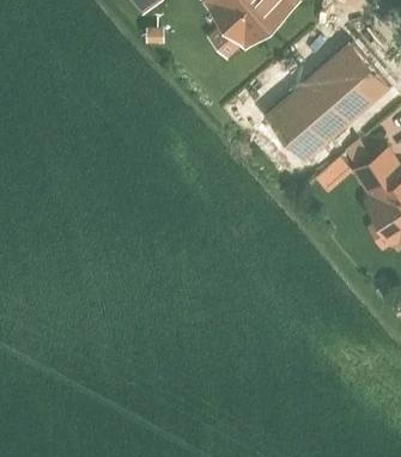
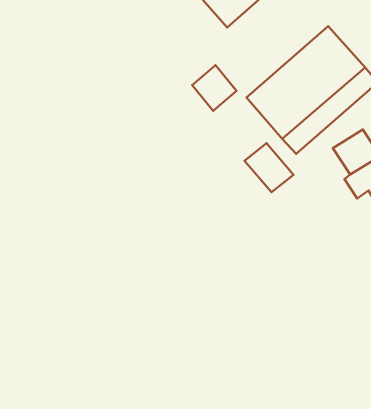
building: none -> [192,65,237,111]
building: none -> [245,143,293,192]

